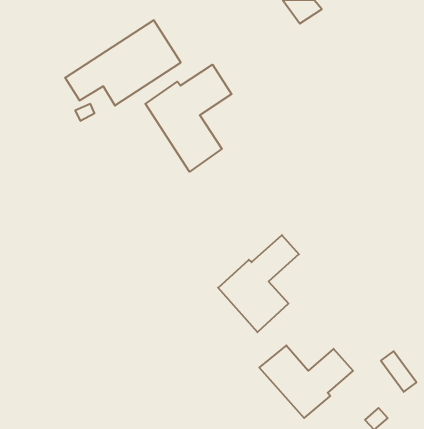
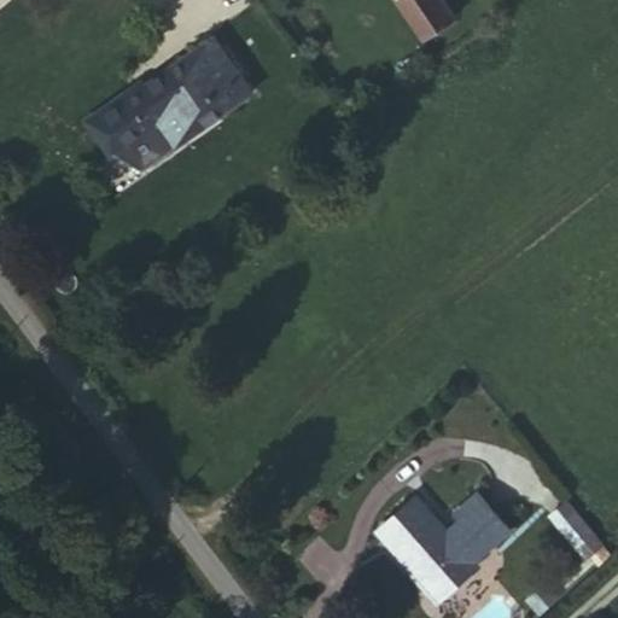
building: [145,65,232,172] -> none
building: [218,235,299,332] -> none

